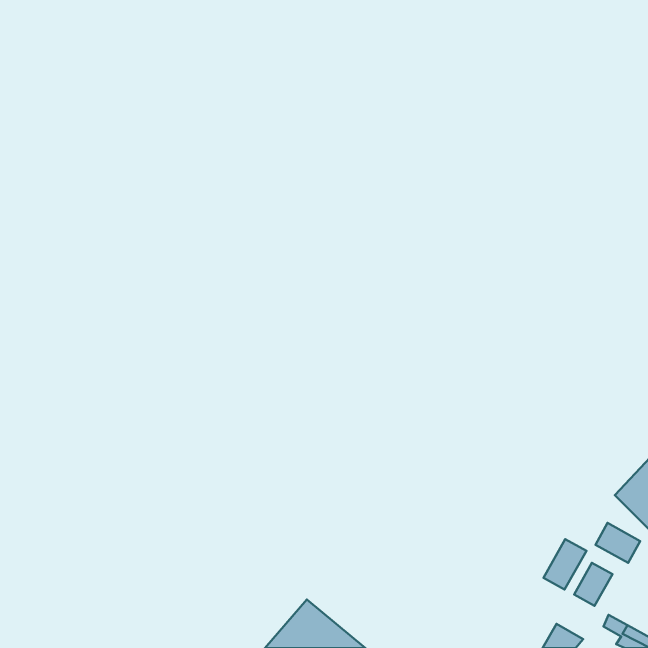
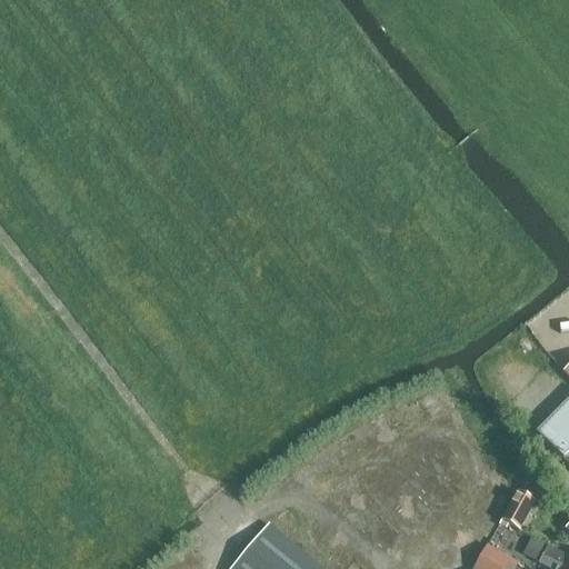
building: [596,523,640,563] -> none
building: [544,539,586,590] -> none

